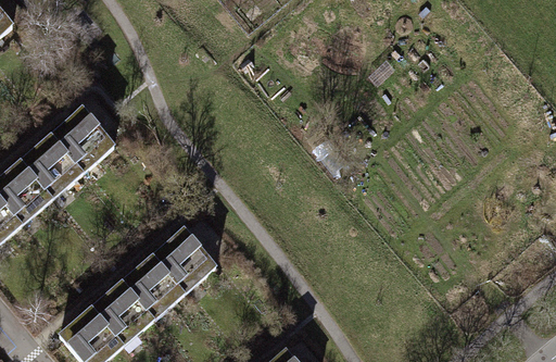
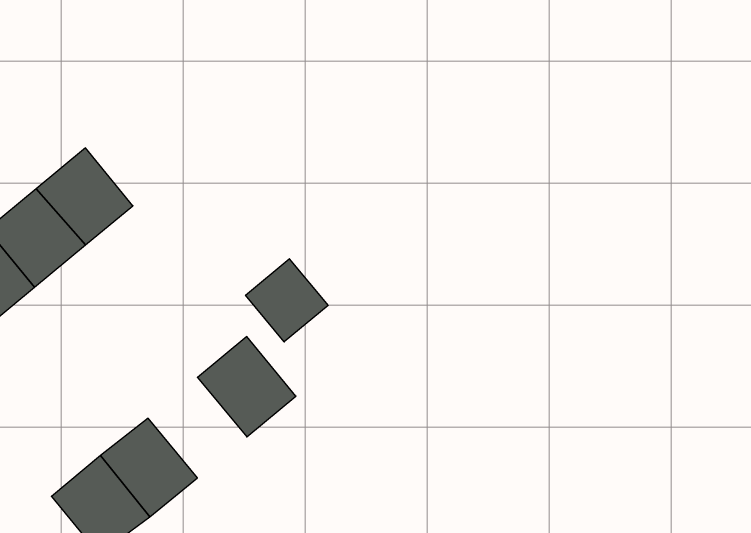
building: none -> [246,259,328,342]
building: [121,255,184,320] -> none

